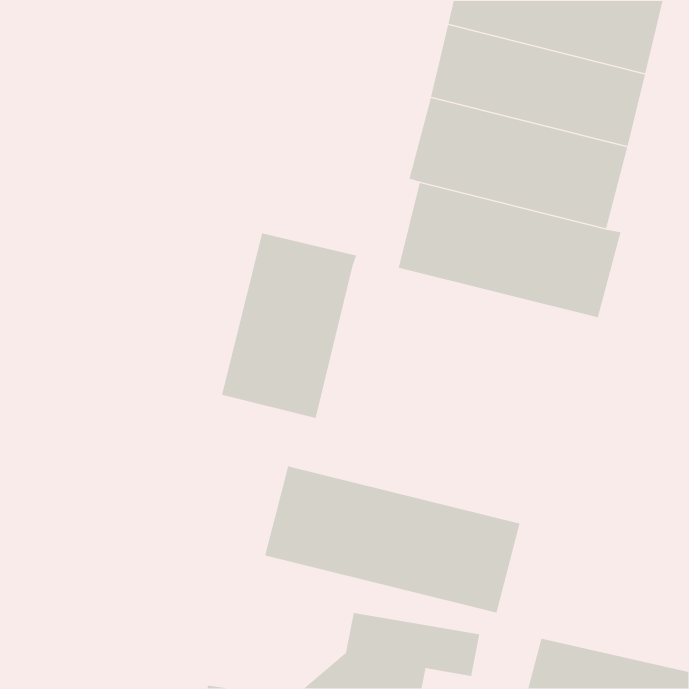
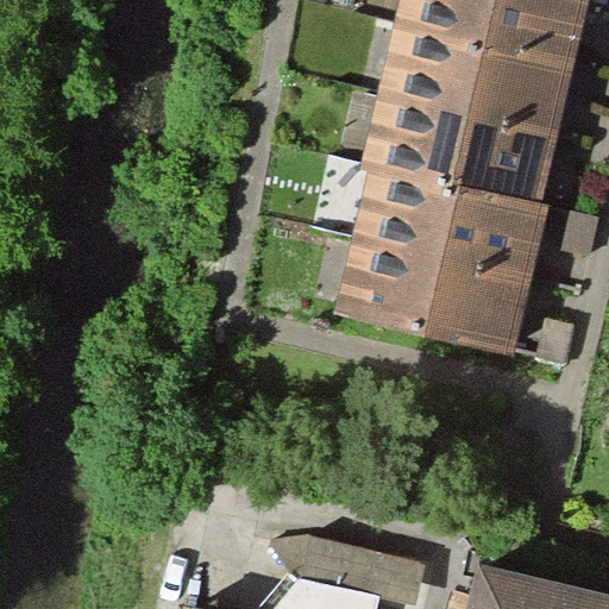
building: [221,232,357,419] -> none
building: none -> [334,237,528,350]
building: [264,465,520,614] -> none

